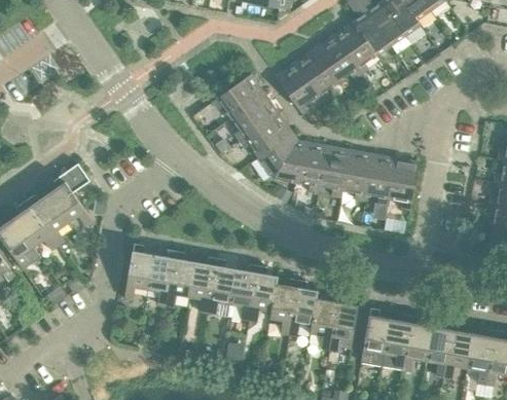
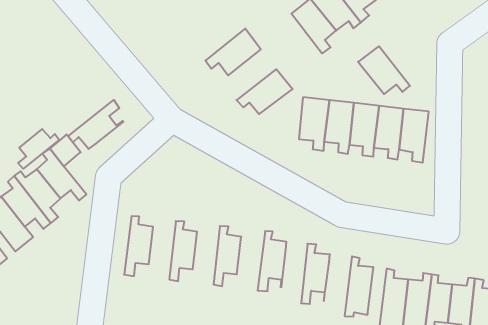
building: [275,63,322,108] -> [358,46,410,94]
building: [232,95,278,141] -> none
building: [259,134,301,181] -> none
building: none -> [68,100,123,149]
building: none -> [18,129,59,169]
building: [147,250,175,305] -> none
building: [188,257,216,313] -> none
building: [228,264,258,321] -> none
building: [270,279,297,335] -> none
building: [310,293,338,350] -> none

